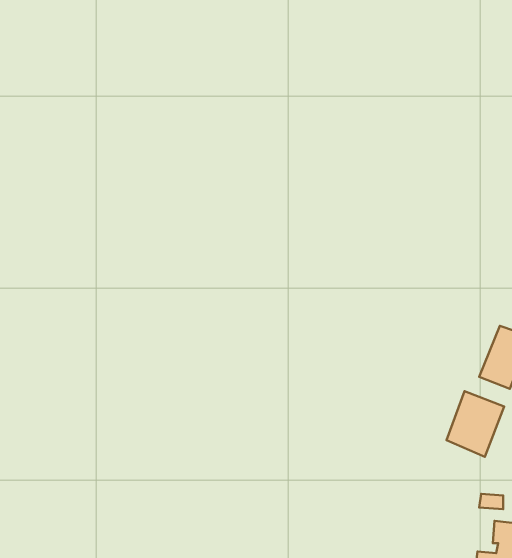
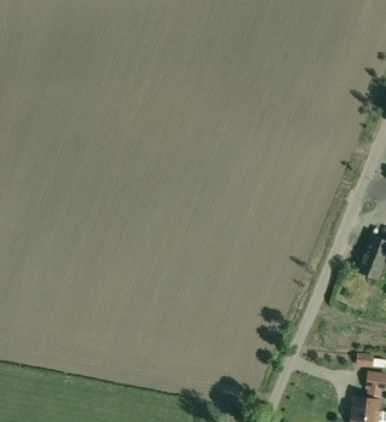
building: [446,391,504,457] -> none

